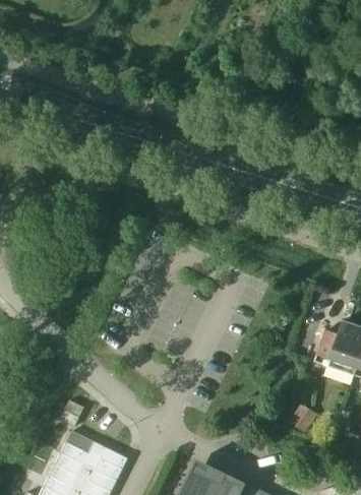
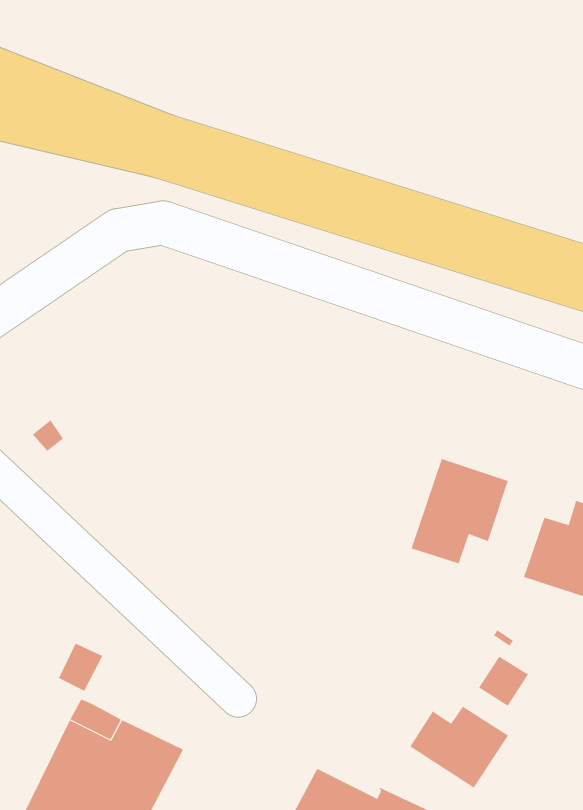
building: none -> [411,458,509,564]
building: none -> [409,706,509,788]

